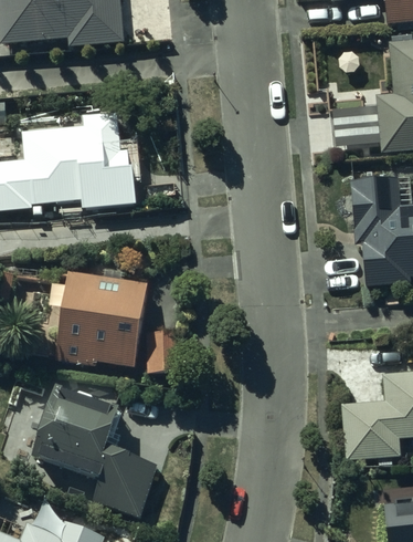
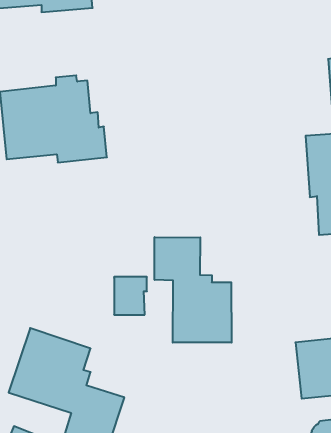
building: [55,272,147,365] -> none
building: none -> [155,237,232,343]

